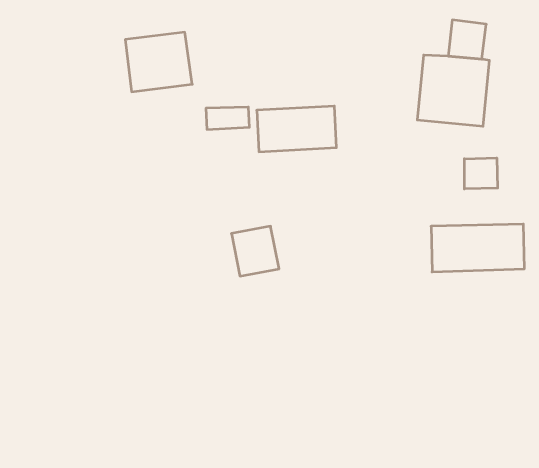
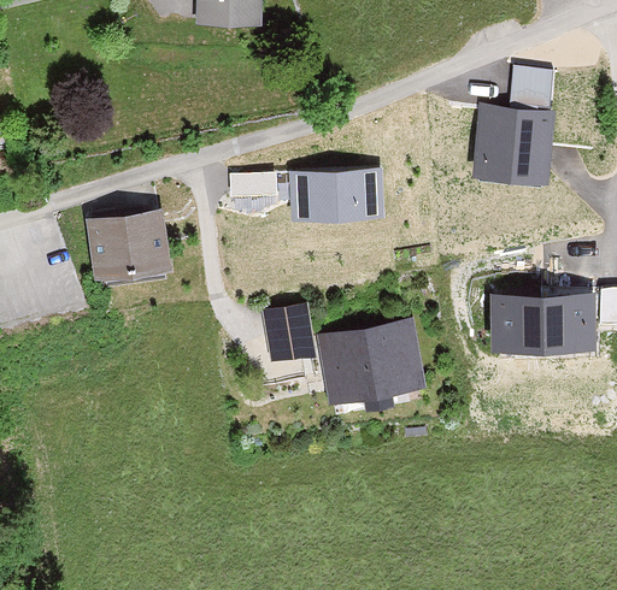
building: [125,32,192,92] -> [90,208,166,276]
building: [464,158,498,189] -> none
building: none -> [323,320,423,403]

